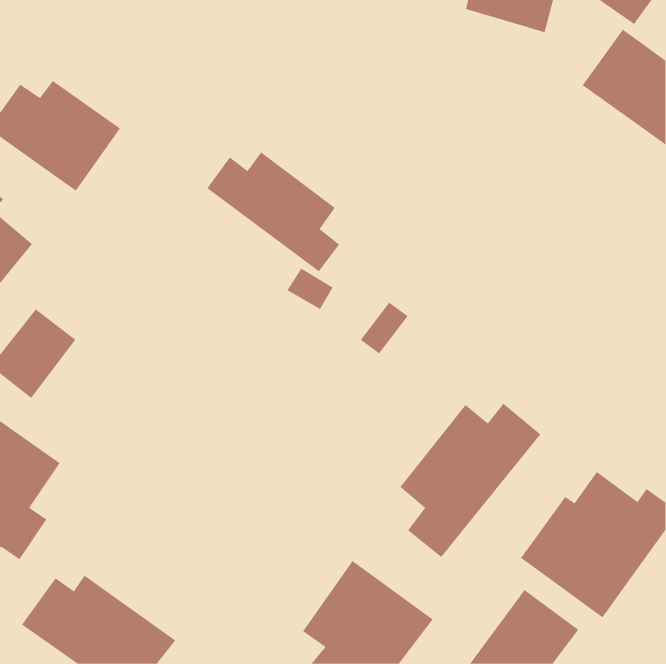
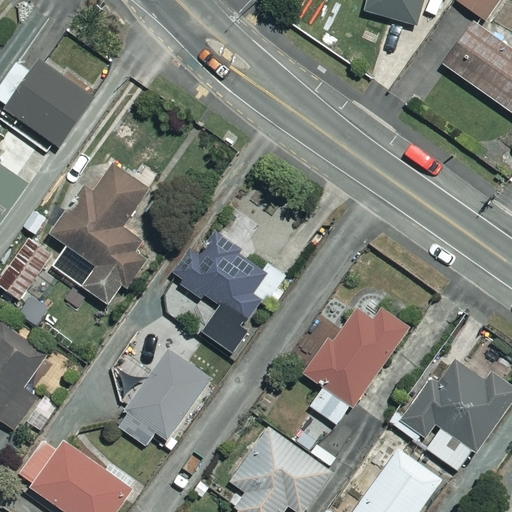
building: [207,151,340,272] -> none
building: none -> [50,165,150,307]
building: none -> [172,230,266,352]
building: none -> [115,348,211,444]

